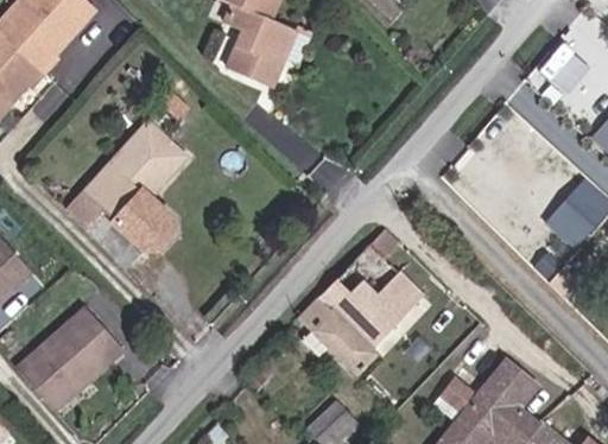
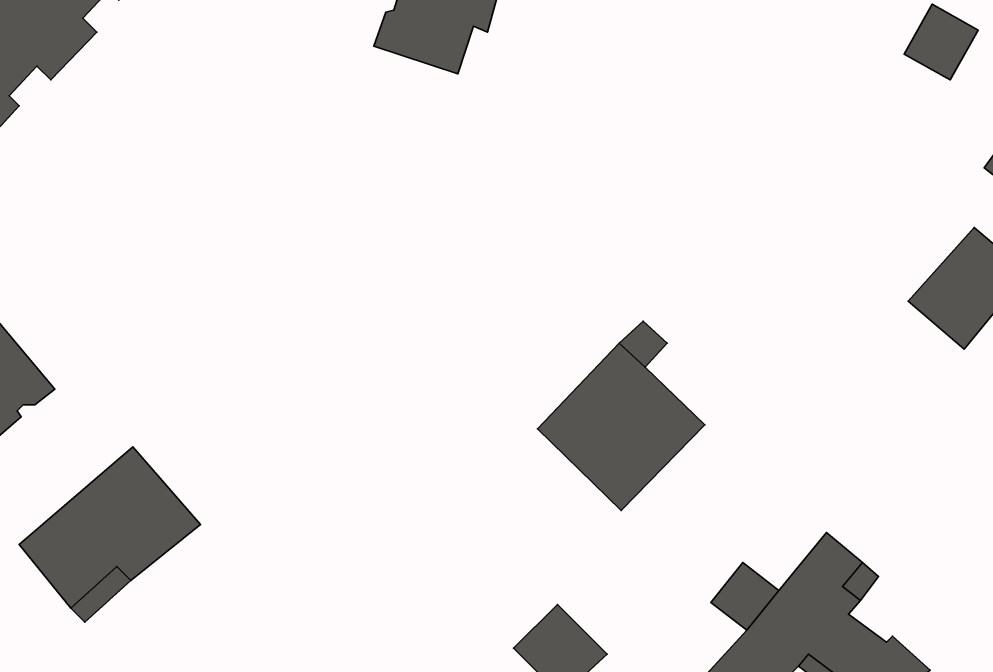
building: [68,121,188,273] -> none
building: [300,297,384,379] -> none

